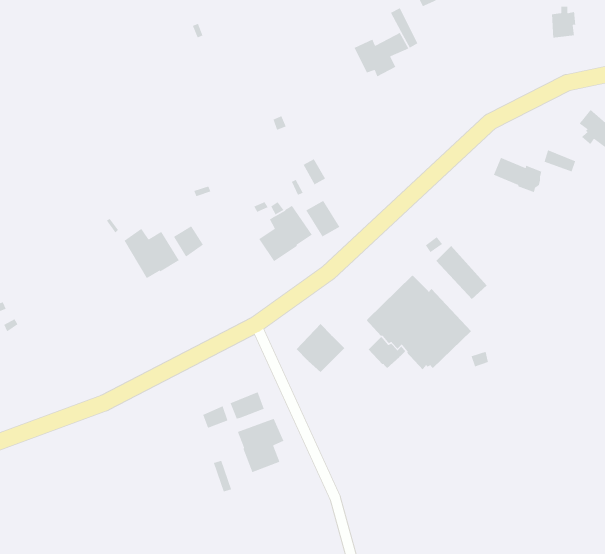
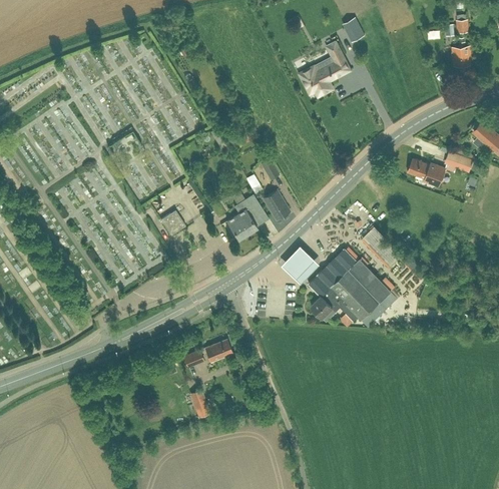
building: [123,228,180,279] -> none
building: [296,323,345,373] -> [282,244,320,283]
building: [237,418,284,473] -> none

